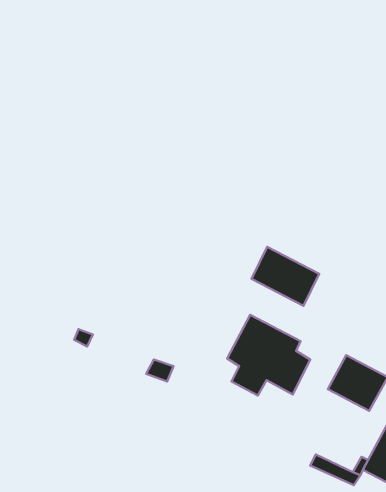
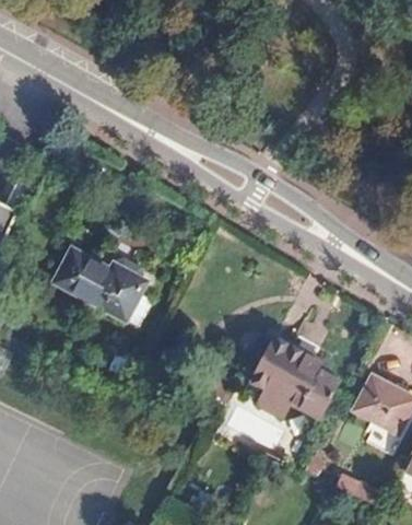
building: none -> [55,248,142,315]
building: [251,247,319,306] -> none

